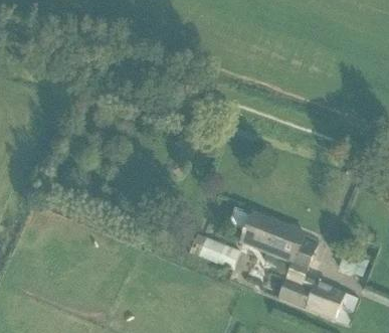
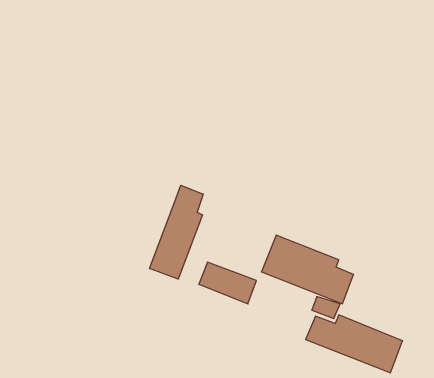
building: none -> [150,185,203,279]

